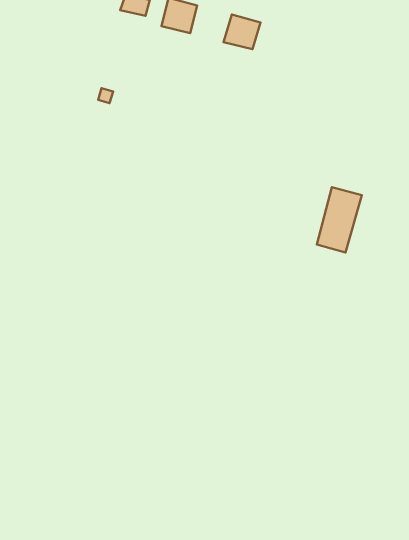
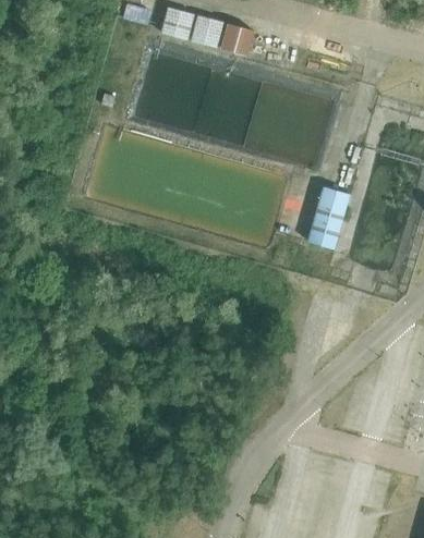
building: none -> [190,15,223,47]

